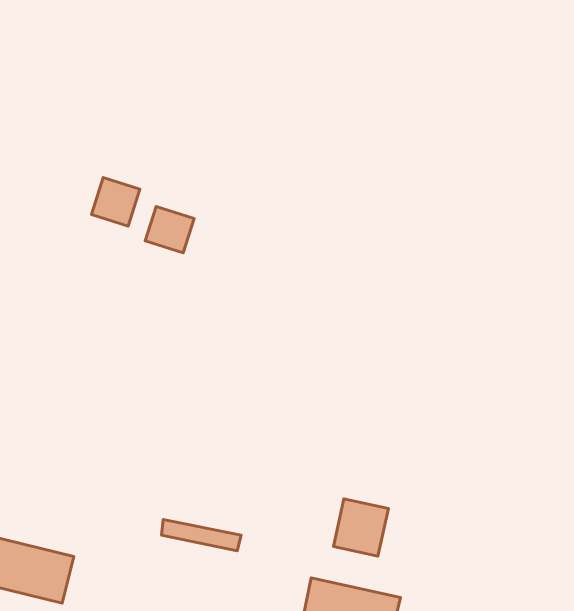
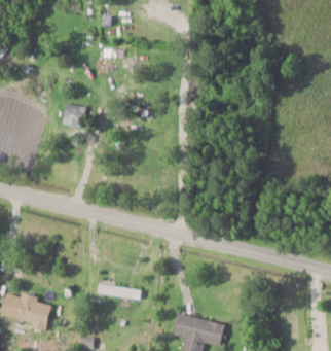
building: [145,206,194,253] -> none
building: [334,499,388,556] -> none

